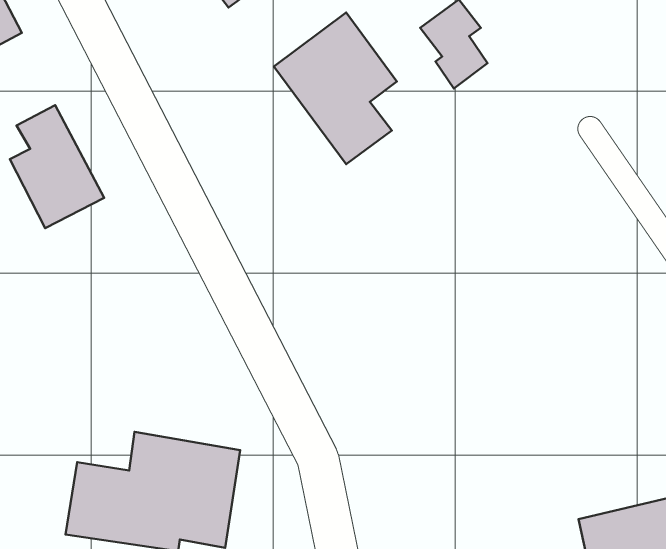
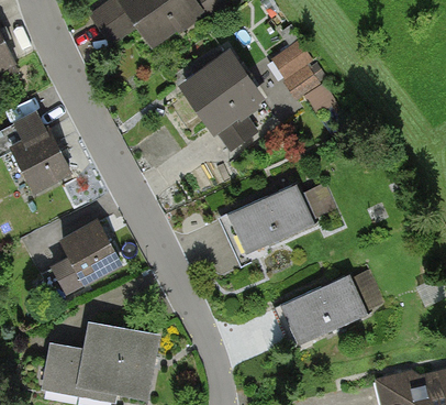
building: none -> [227,185,315,256]
building: none -> [46,218,124,298]
building: none -> [282,276,369,349]

